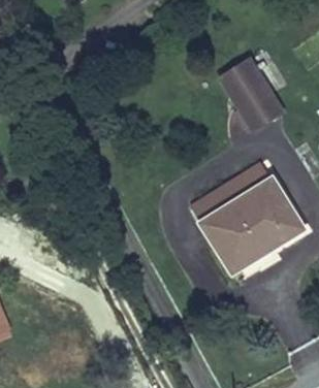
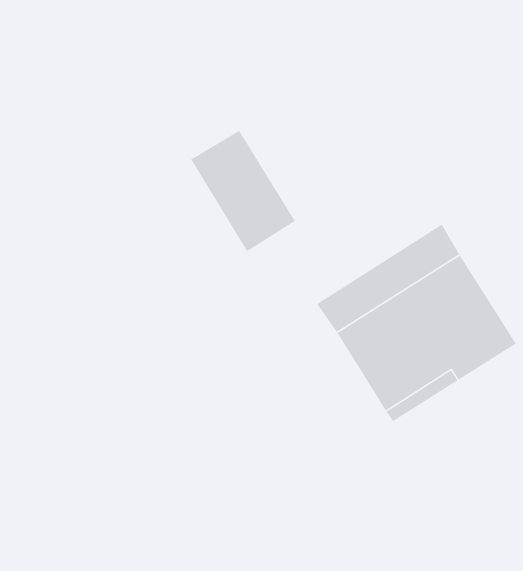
building: [223,60,283,129] -> [190,130,296,252]

